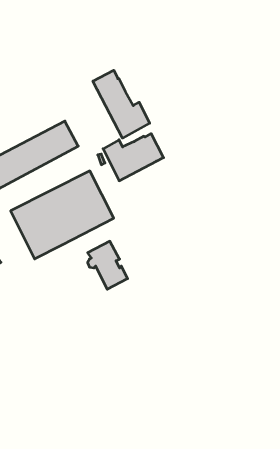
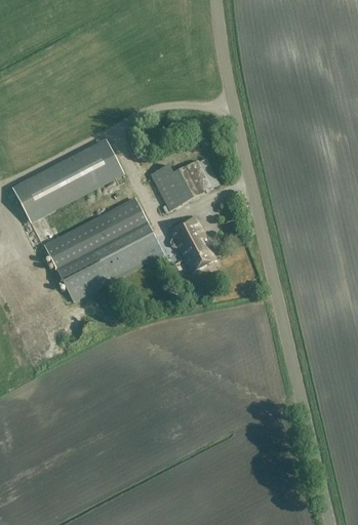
building: [93,70,150,138] -> none
building: [88,241,128,289] -> [169,215,215,271]

